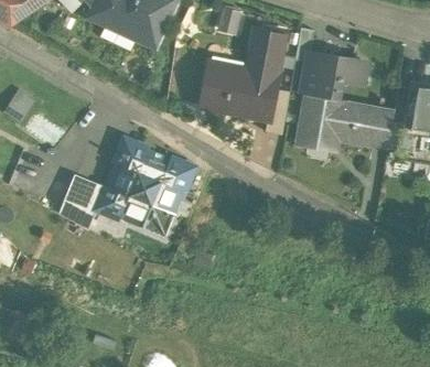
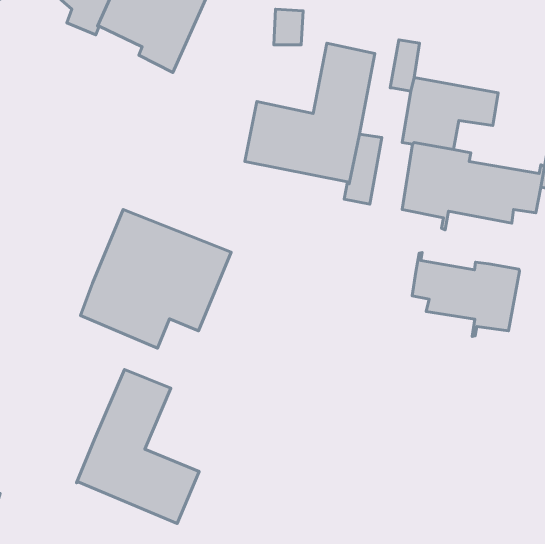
building: none -> [412,253,520,336]
building: [55,172,101,228] -> none
building: none -> [77,370,199,524]

